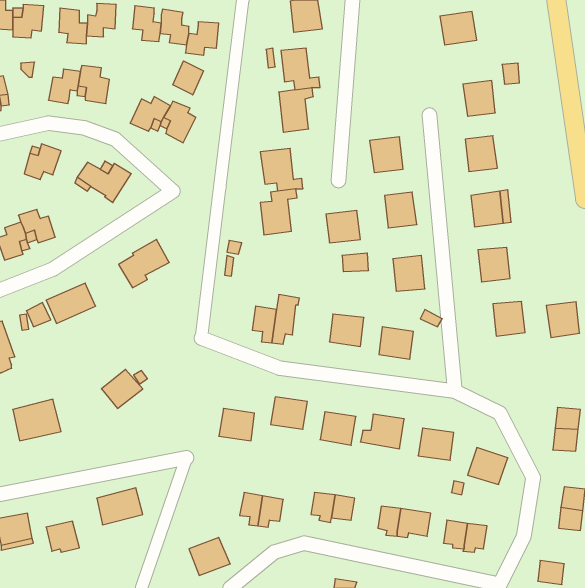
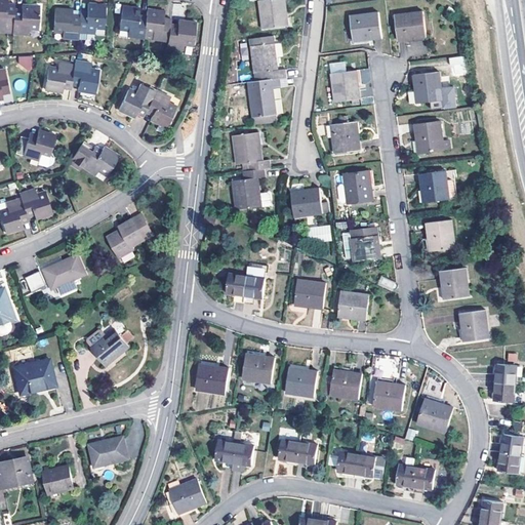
building: none -> [348,12,379,41]
building: [173,61,203,95] -> none
building: none -> [330,70,359,103]
building: [546,302,580,338] -> [458,310,488,341]

